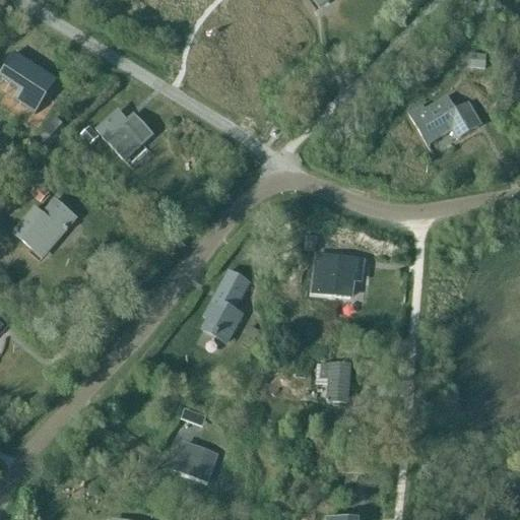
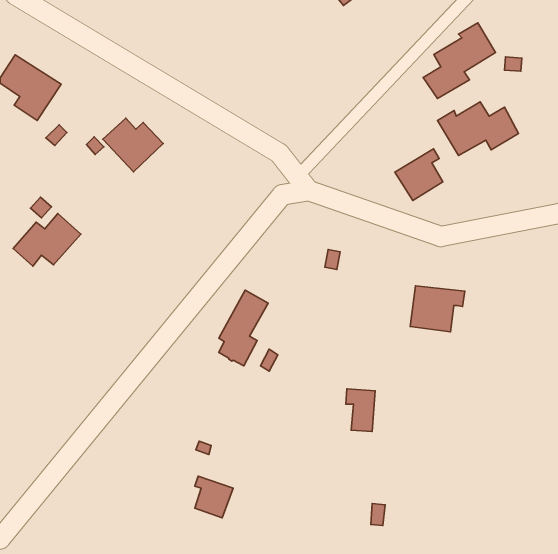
building: none -> [423,23,495,99]
building: none -> [395,149,443,200]
building: [313,253,364,296] -> [410,286,465,332]

